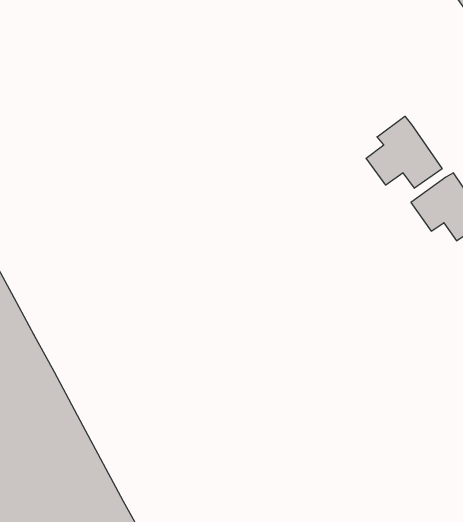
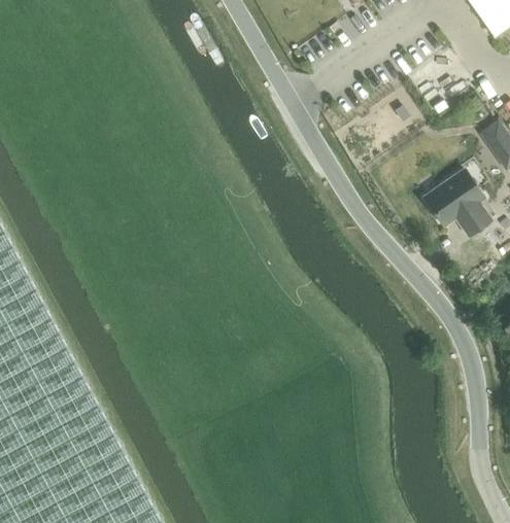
building: [366,116,442,188] -> none

